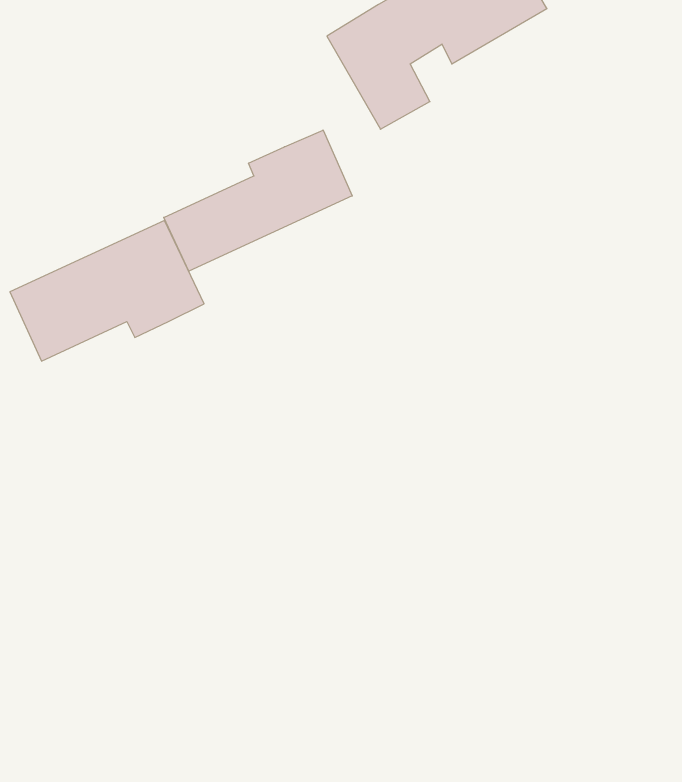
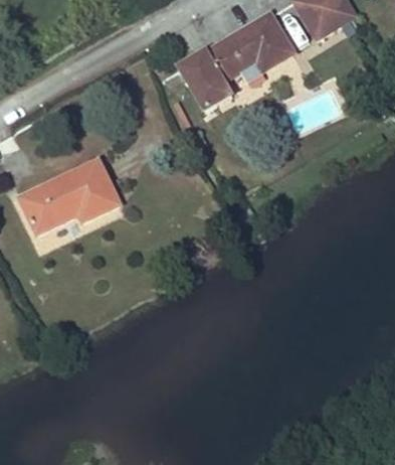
building: [164,130,352,271] -> none

